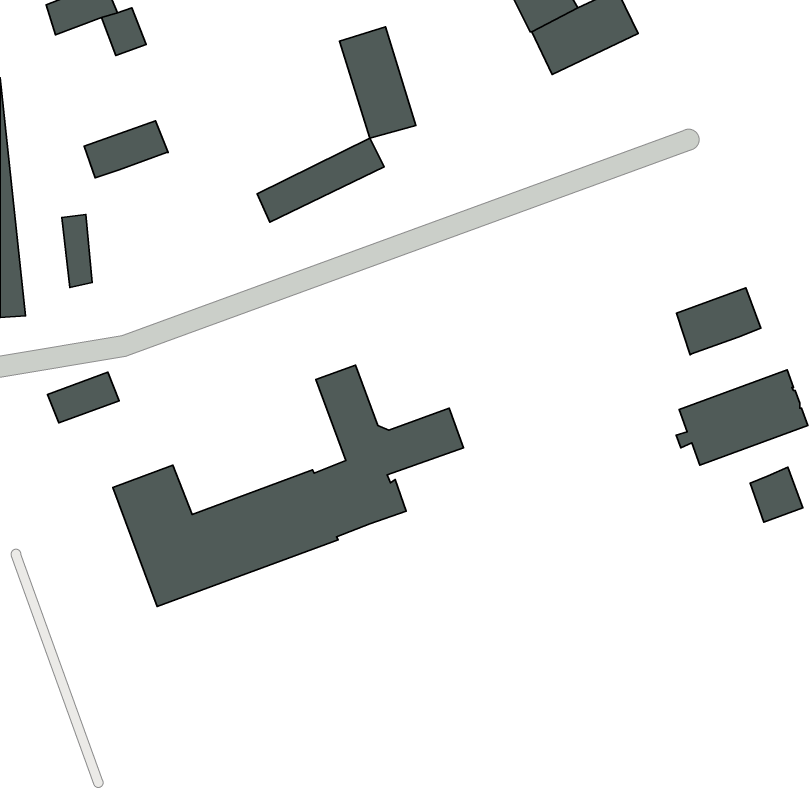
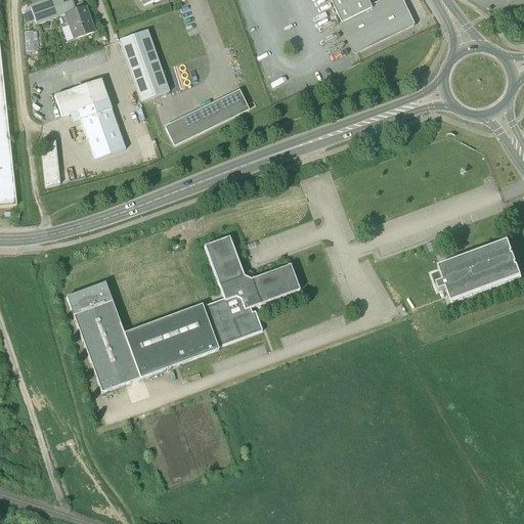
building: [340,27,416,138] -> [121,27,170,98]
building: none -> [77,98,125,158]
building: [676,288,761,355] -> none
building: [48,372,119,423] -> [66,281,112,314]
building: [750,467,803,522] -> none

